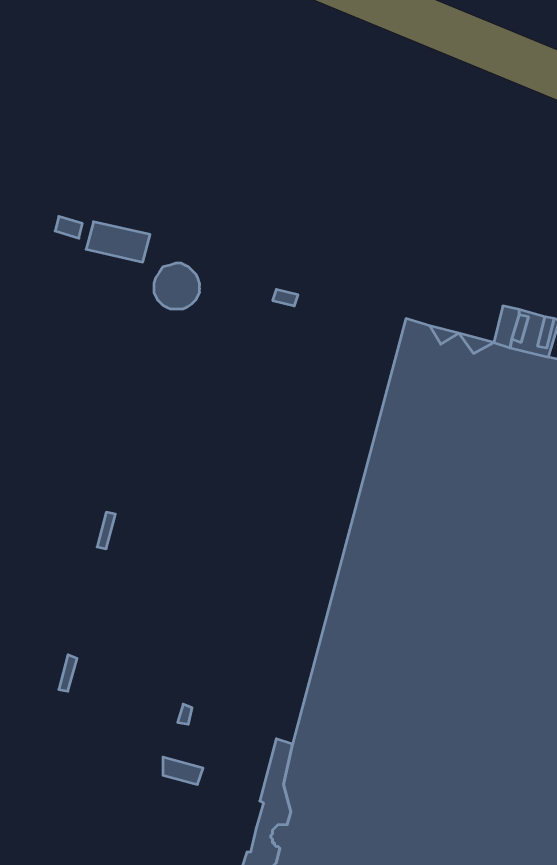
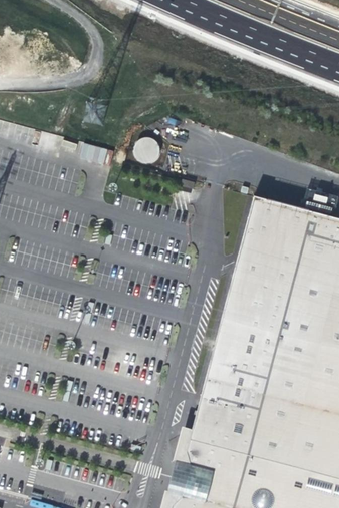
building: [154,263,200,309] -> [134,138,159,163]

